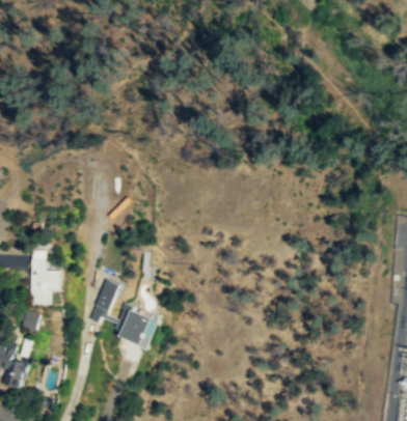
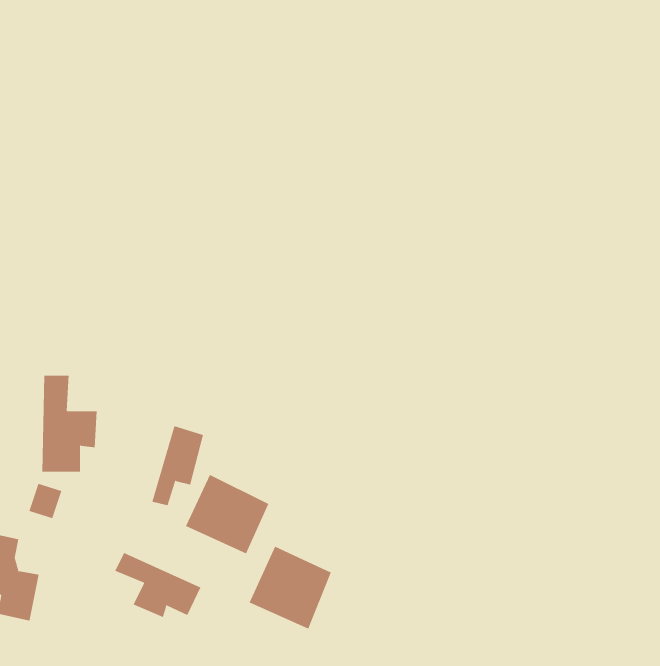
building: none -> [249,546,331,629]
building: none -> [115,552,201,618]

